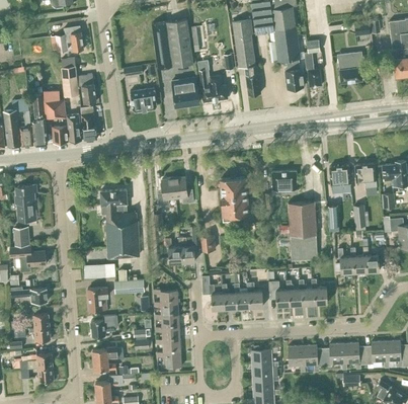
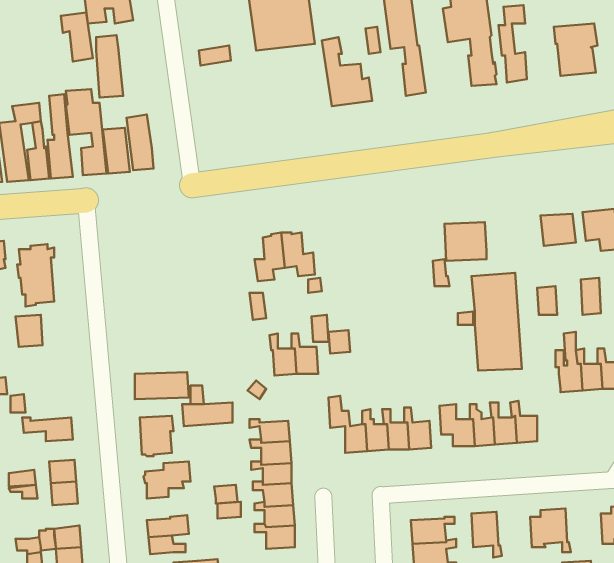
building: [77,74,96,103] -> [61,13,93,61]
building: [171,76,199,105] -> none
building: [130,87,157,111] -> none
building: [219,177,248,221] -> none
building: [100,189,139,257] -> none
building: [10,246,46,271] -> none
building: [344,342,366,369] -> none
building: [303,345,324,372] -> none

